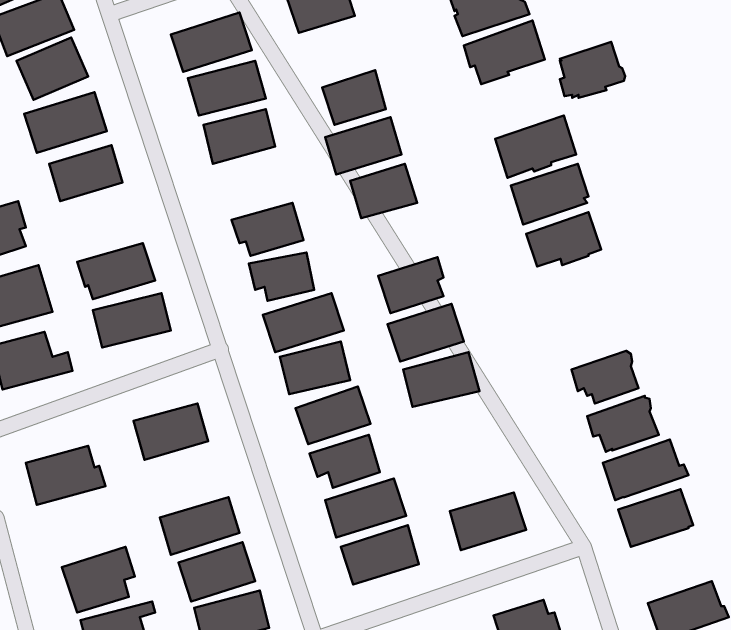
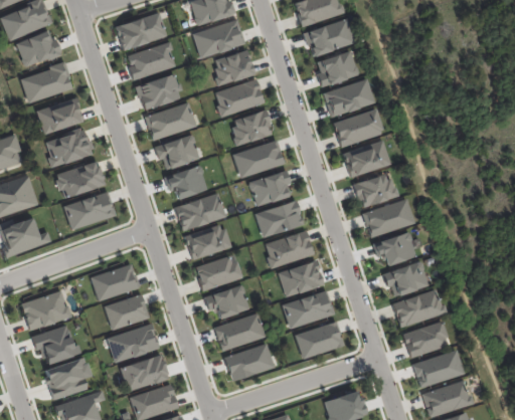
building: none -> [193,19,244,57]
building: [560,42,625,98] -> [318,50,360,86]
building: none -> [145,102,196,140]
building: none -> [44,128,94,167]
building: none -> [232,141,284,178]
building: none -> [353,172,400,206]
building: none -> [363,197,415,236]
building: none -> [278,260,324,296]
building: none -> [283,291,333,327]
building: none -> [104,293,149,330]
building: none -> [31,326,81,364]
building: none -> [413,348,466,387]

